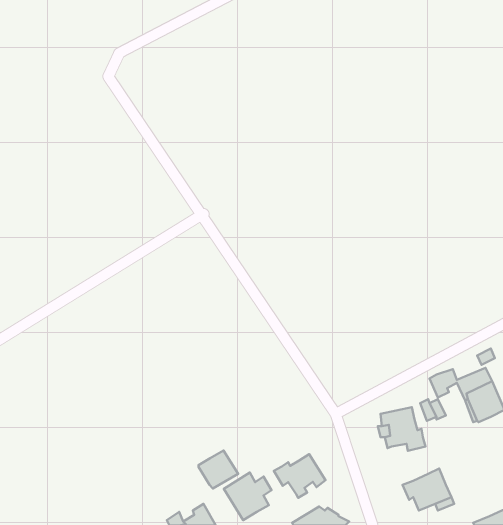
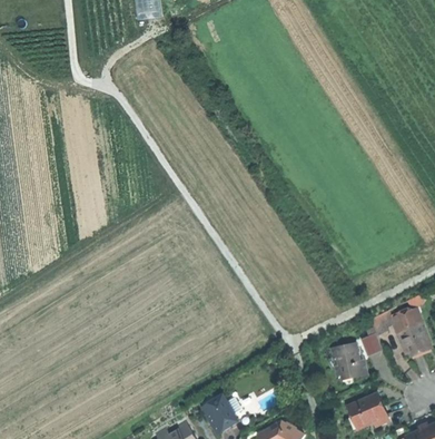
building: [198,451,238,488] -> none
building: [274,454,325,498] -> none

